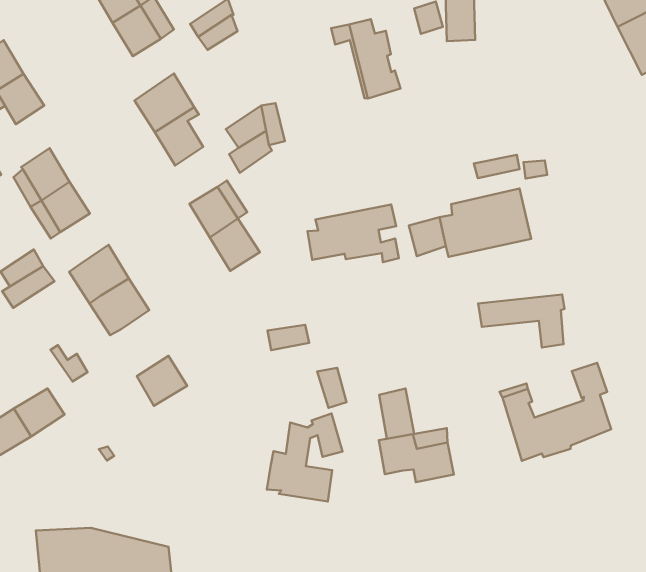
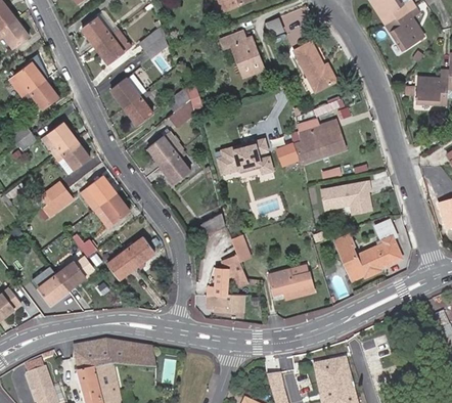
building: none -> [296,42,338,93]
building: none -> [106,249,136,278]
building: [379,388,414,439] -> none

